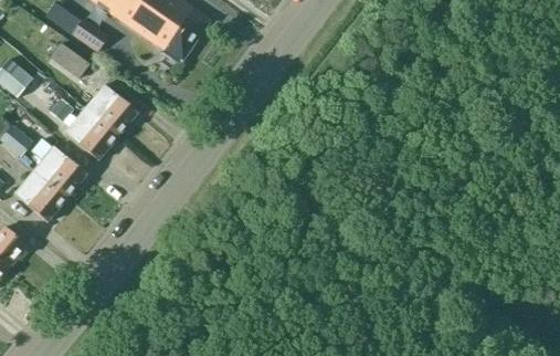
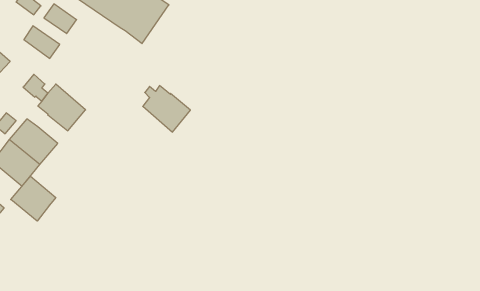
building: [84,83,137,135] -> [143,86,190,132]
building: none -> [11,176,56,221]

